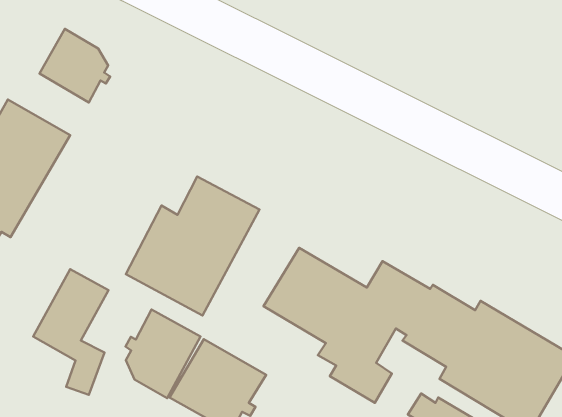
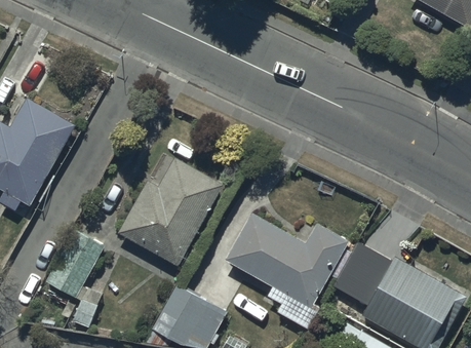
building: [39,29,110,102] -> none
building: [125,310,200,398] -> none

